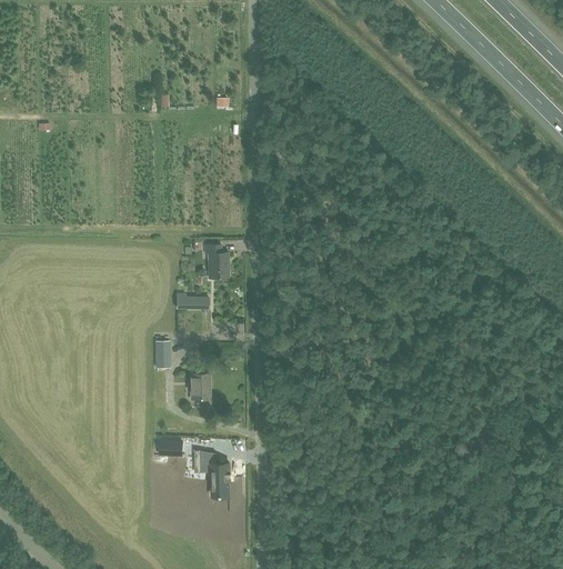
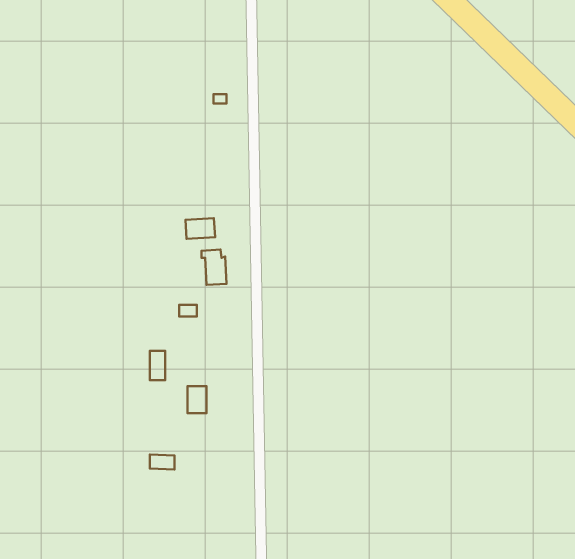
building: none -> [185,218,215,239]
building: [197,450,231,496] -> none

